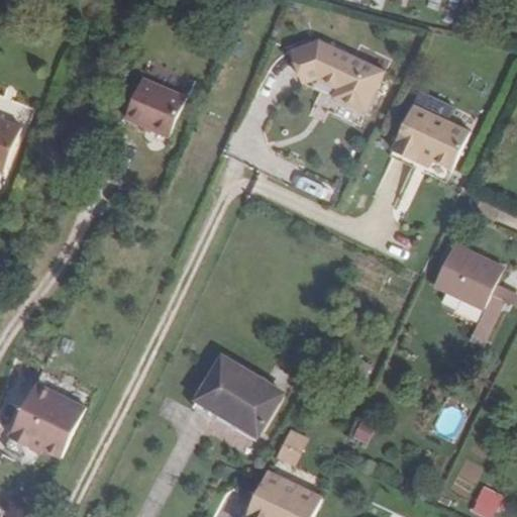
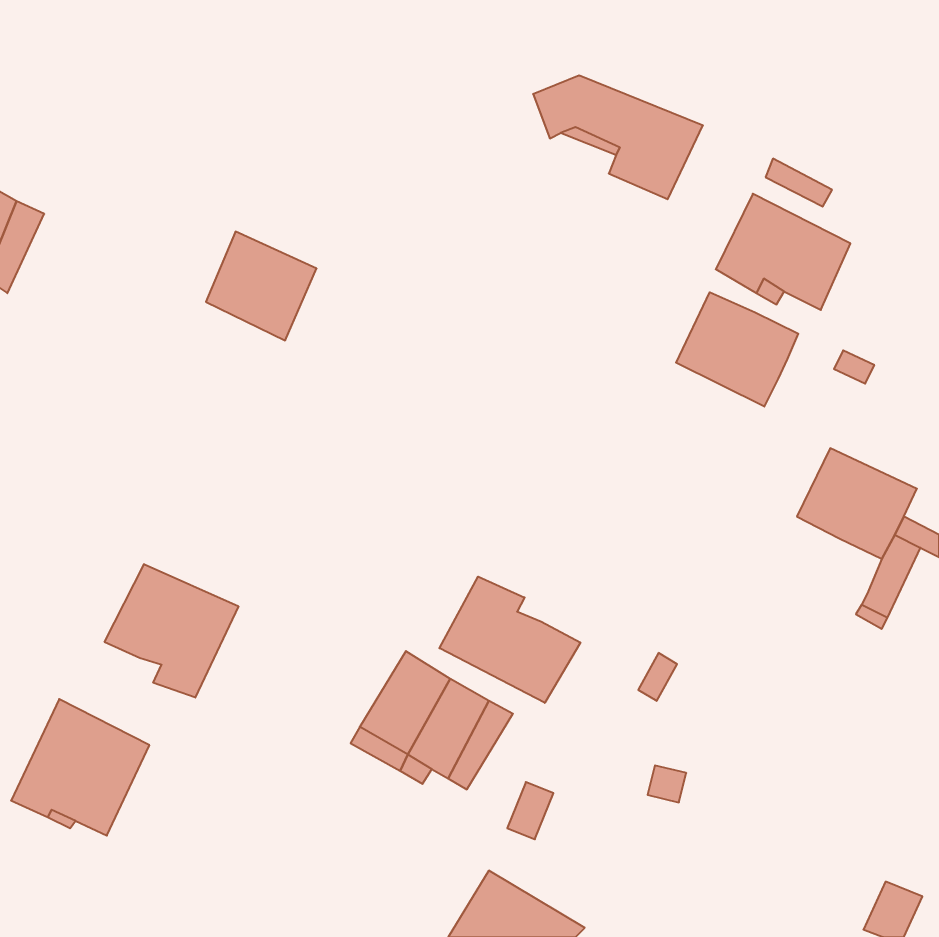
building: [122,74,183,133] -> [206,232,317,340]
building: none -> [676,292,798,407]
building: none -> [105,564,238,698]
building: none -> [439,577,580,703]

